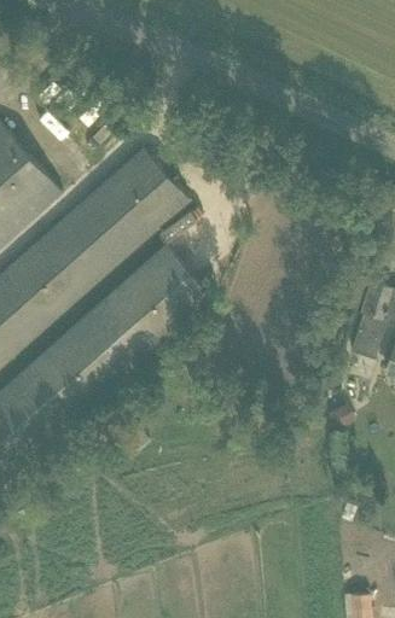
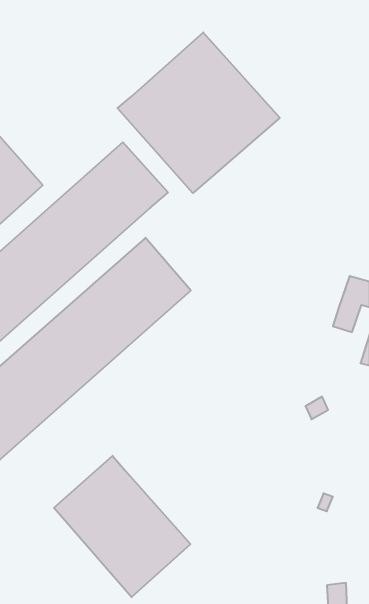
building: none -> [117,32,280,193]
building: none -> [54,456,190,597]

